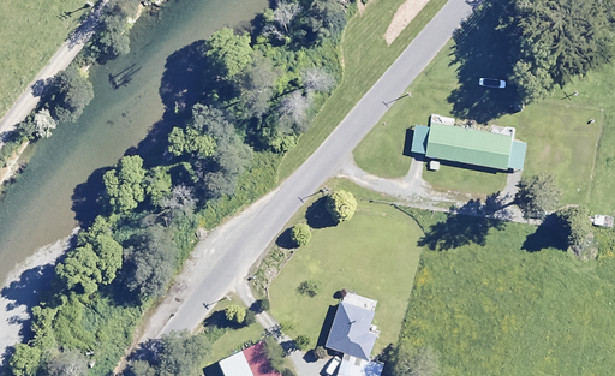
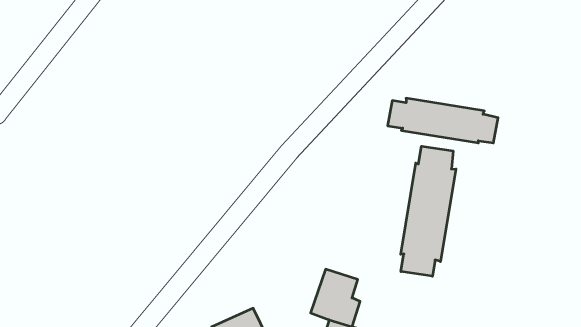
building: none -> [401,146,456,276]

